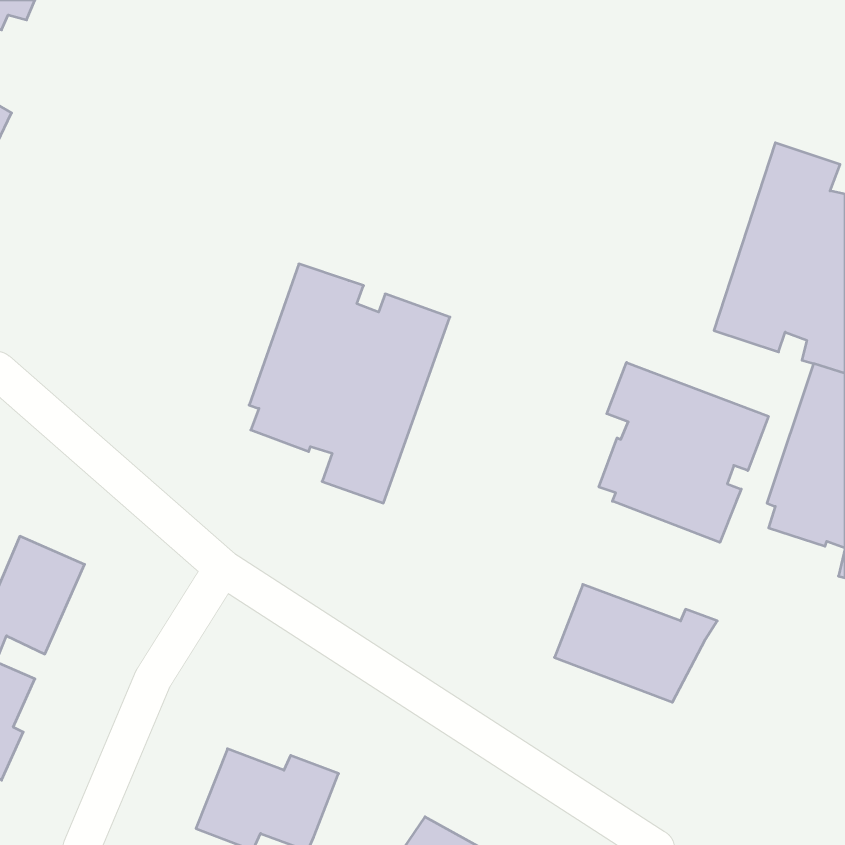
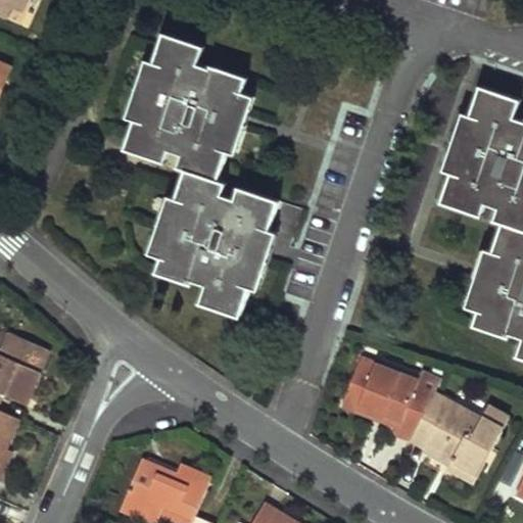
building: none -> [123,29,245,175]
building: [599,362,768,542] -> none
building: none -> [411,395,509,483]

